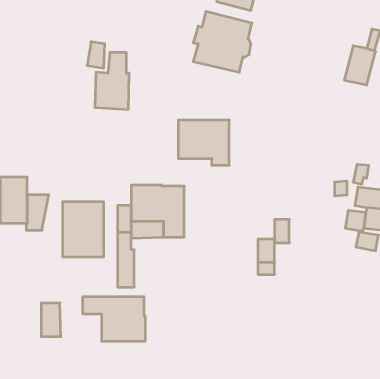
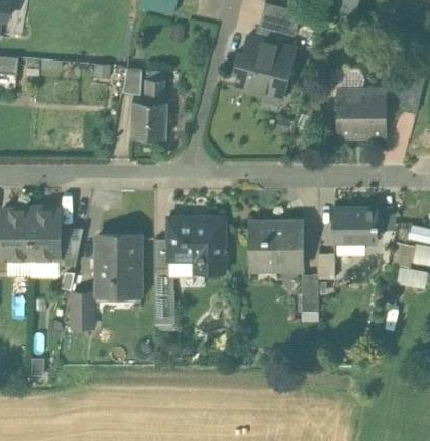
building: none -> [337,90,386,137]
building: [178,120,229,165] -> [249,222,303,269]
building: none -> [333,207,377,242]
building: [83,297,145,341] -> none
building: [41,303,61,337] -> [72,293,92,328]

